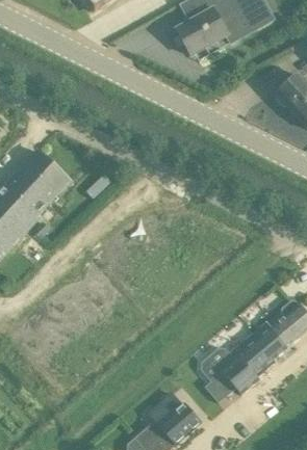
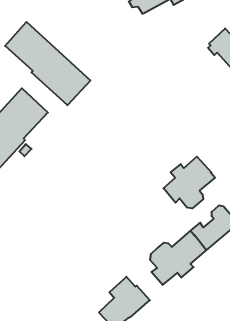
building: none -> [5,22,90,105]
building: none -> [163,157,215,208]

